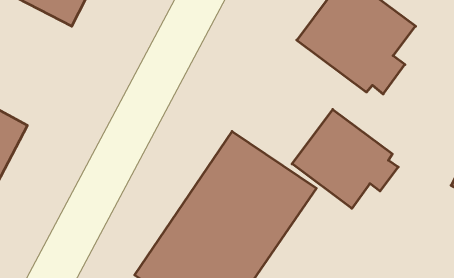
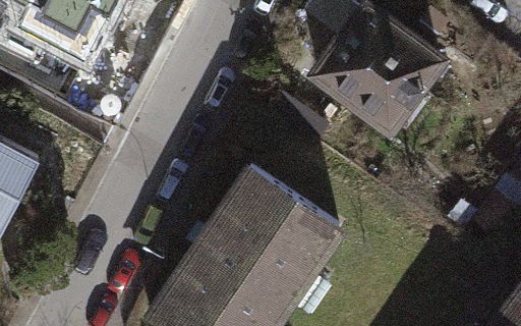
building: [292,109,398,208] -> none

